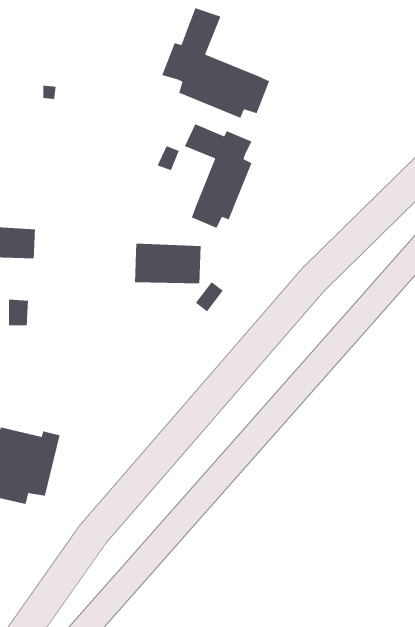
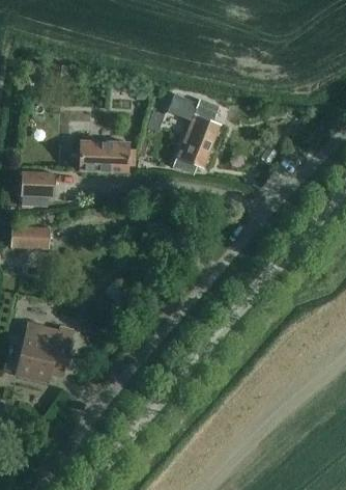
building: [161,7,270,119] -> none
building: [134,243,202,284] -> [79,140,129,171]

